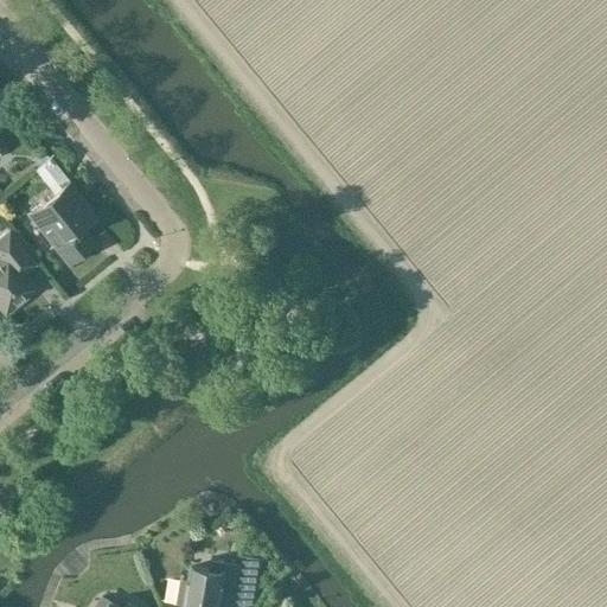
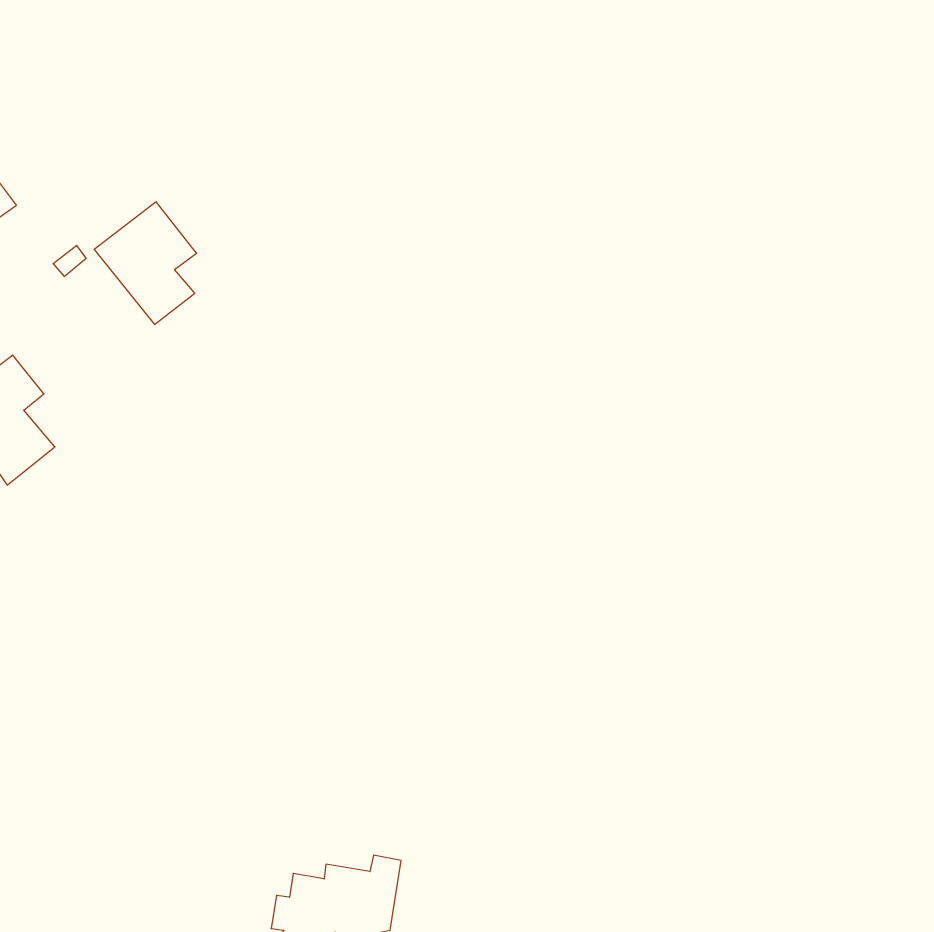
building: [28,186,95,266] -> [94,202,197,324]

